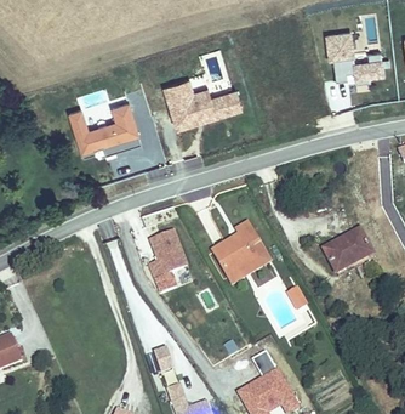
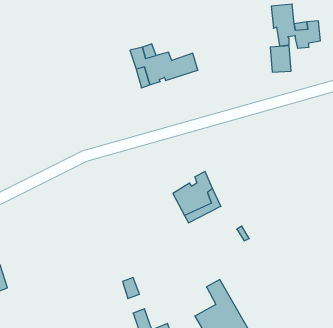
building: [69,101,141,155] -> none
building: [320,225,367,270] -> none
building: [148,229,187,278] -> none

